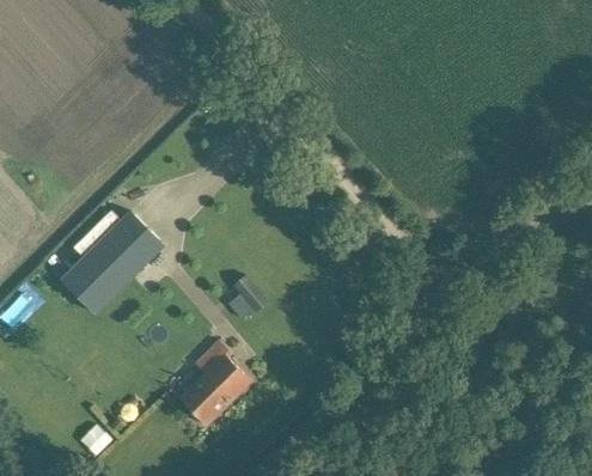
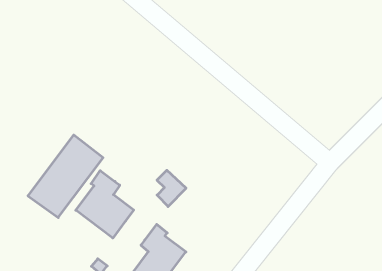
building: none -> [76,171,134,238]

